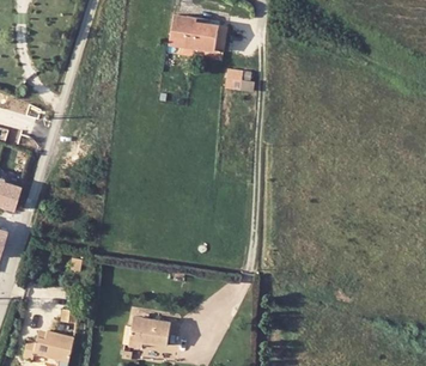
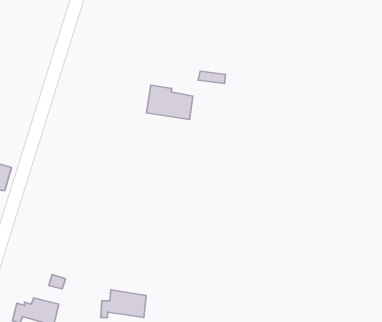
building: [169,19,219,56] -> [146,85,193,119]

